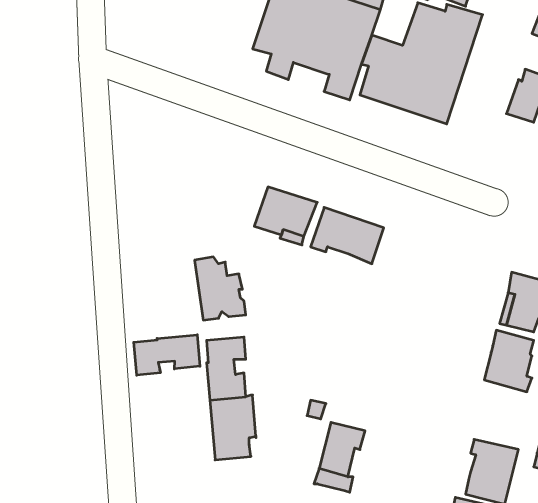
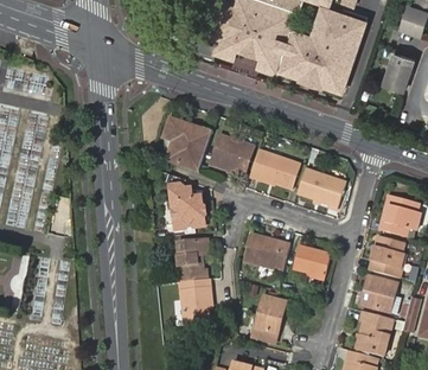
building: none -> [162,117,210,170]
building: none -> [295,168,344,205]
building: none -> [241,237,288,274]
building: [134,335,200,375] -> none
building: none -> [292,249,328,279]
building: none -> [363,275,396,311]

